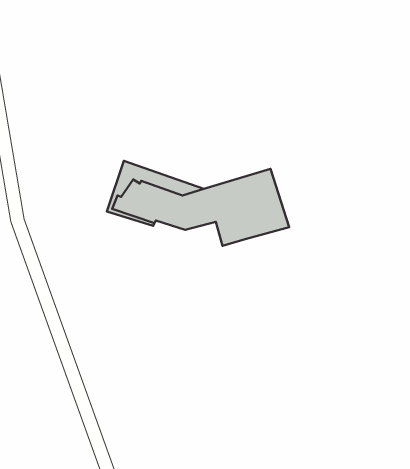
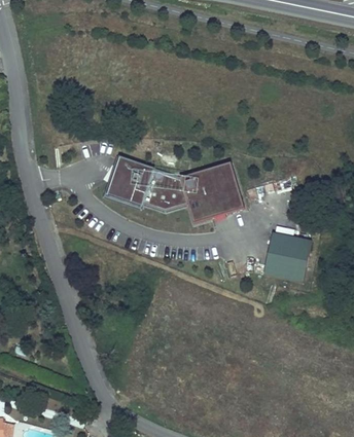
building: none -> [263,233,312,283]

